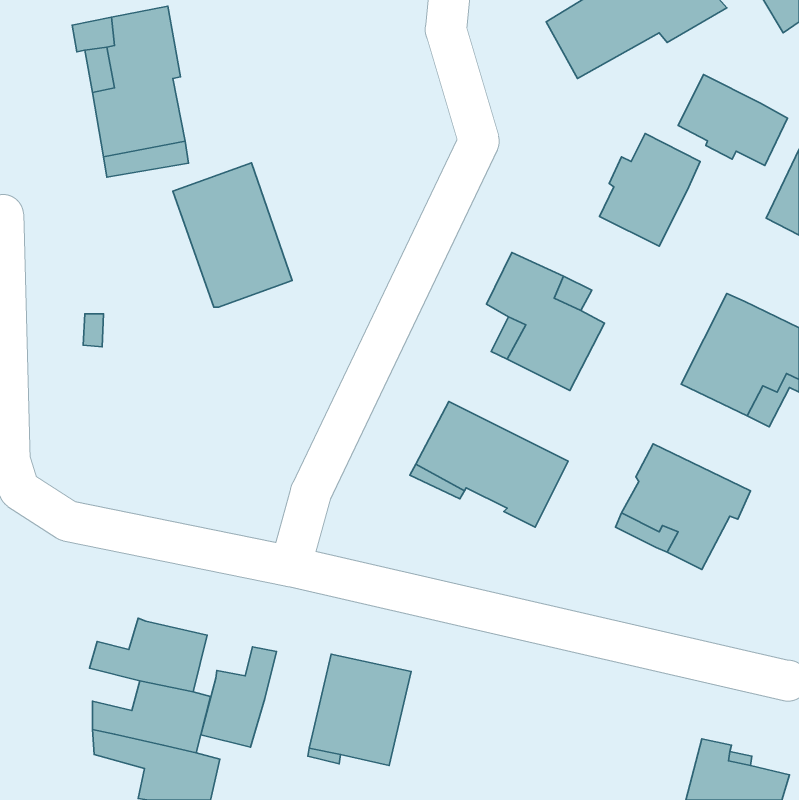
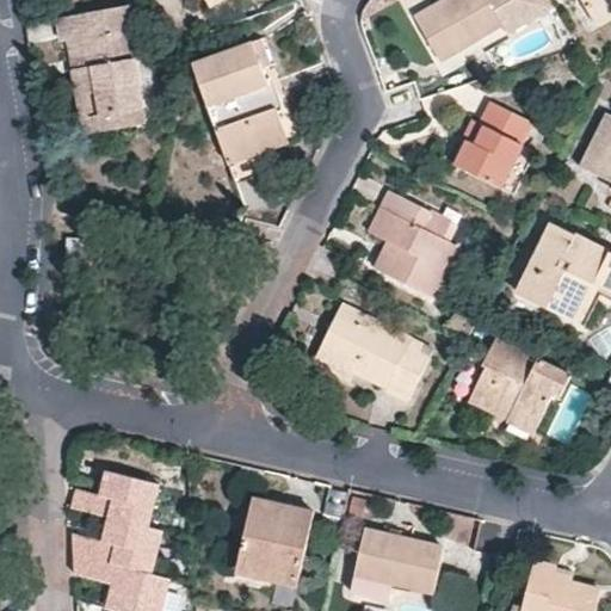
building: [678,75,788,165] -> none
building: [173,163,292,307] -> [192,42,283,152]
building: [201,647,277,747] -> none
building: none -> [350,530,444,598]

